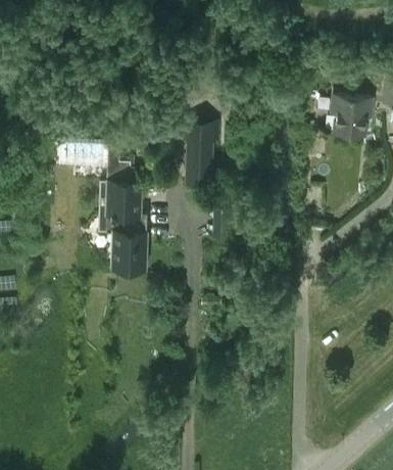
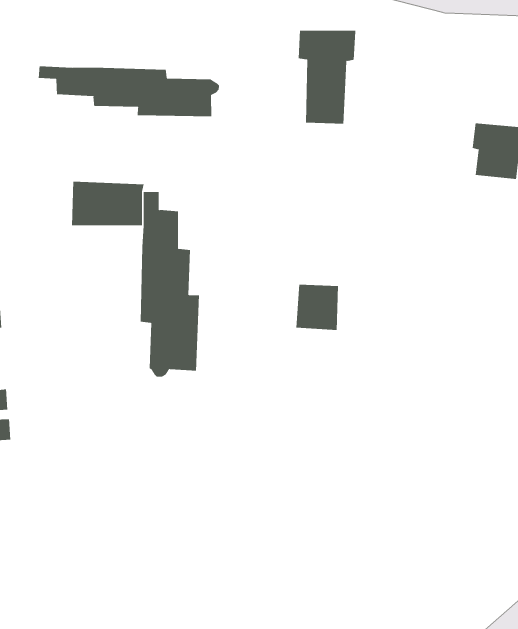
building: none -> [38,65,219,117]
building: [180,122,219,186] -> [298,30,356,124]

